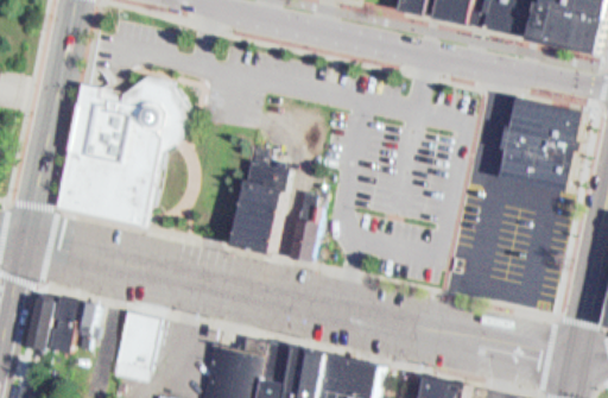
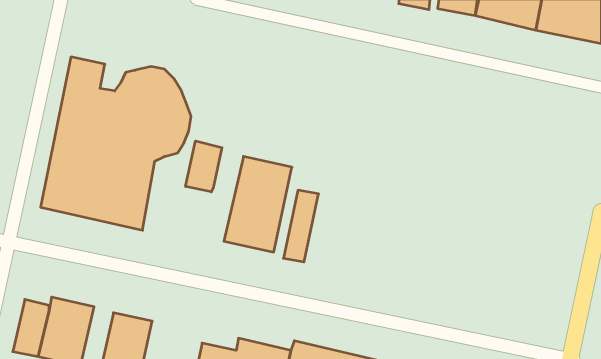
building: [500,99,594,195] -> none
building: none -> [186,141,222,192]

